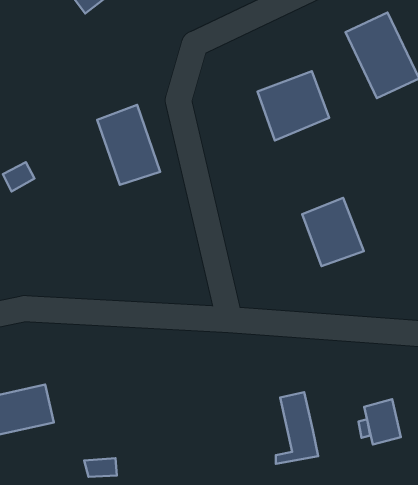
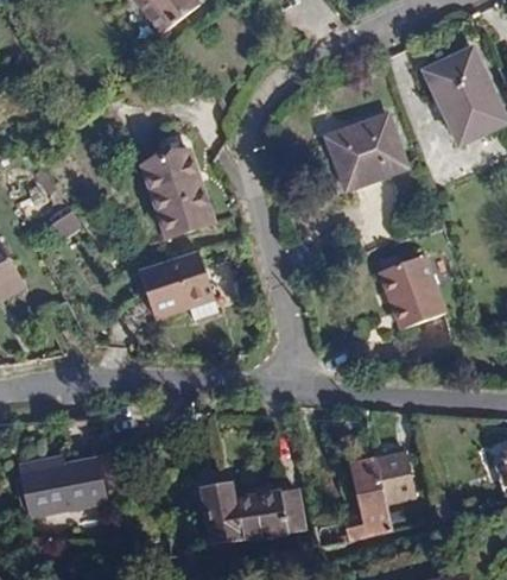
building: none -> [147,248,223,319]
building: [364,399,401,445] -> [378,454,418,504]
building: none -> [202,486,302,540]

